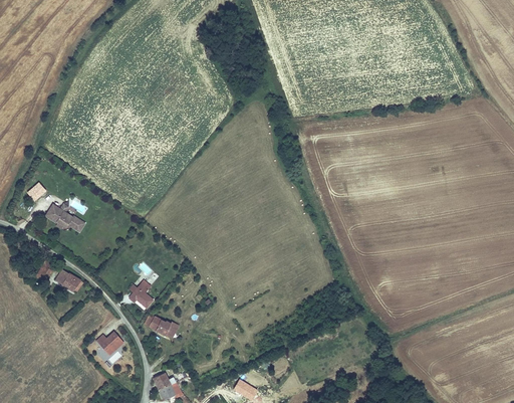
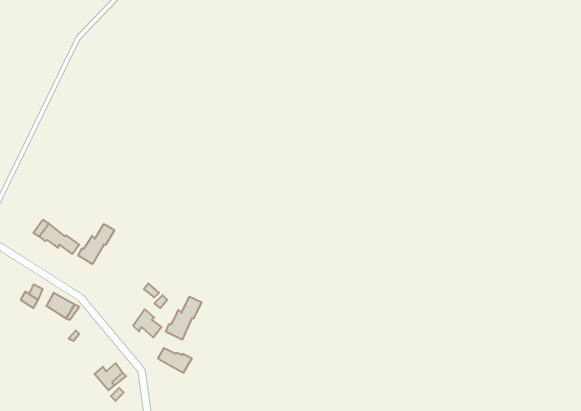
building: none -> [78,224,114,264]
building: none -> [166,297,202,340]

